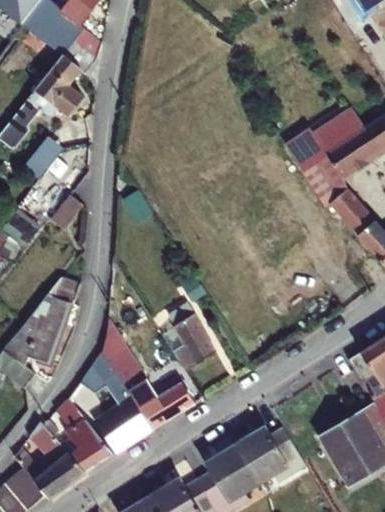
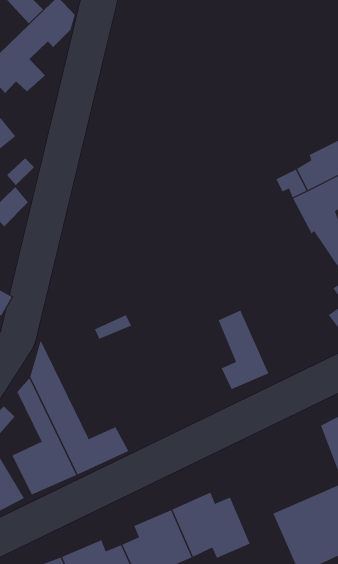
building: [167,301,216,369] -> [218,310,269,390]

